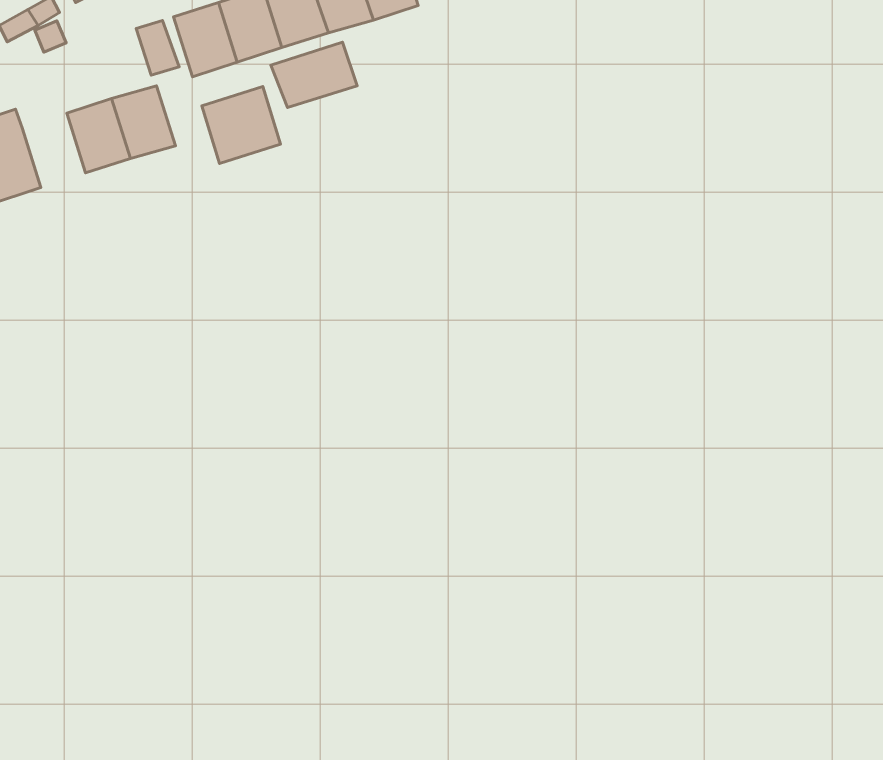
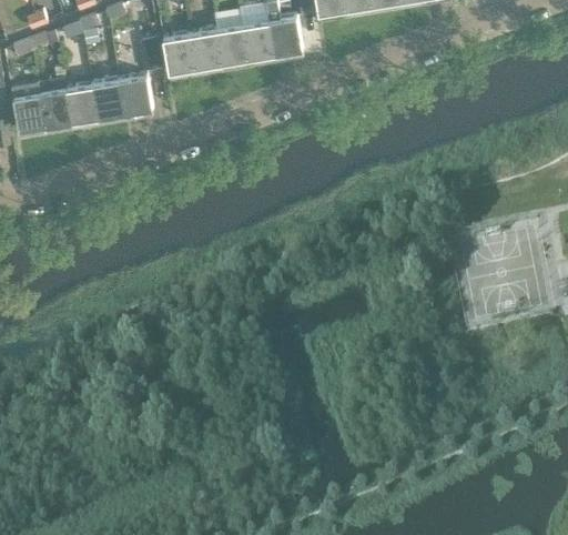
building: [271,42,357,108] -> none
building: [202,87,280,163] -> none
building: none -> [67,84,99,124]

